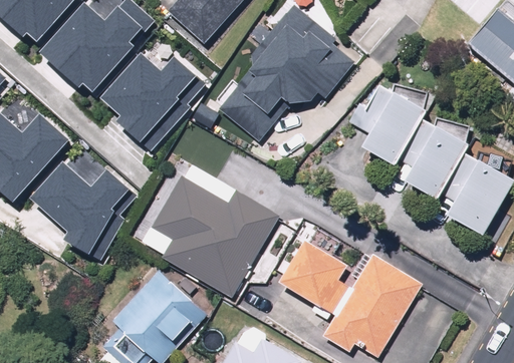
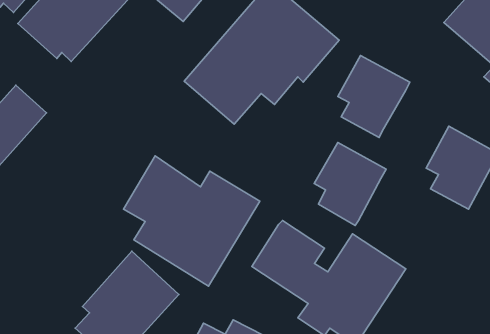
building: [104,33,211,145] -> none
building: [401,112,471,194] -> [314,143,386,226]
building: [38,156,138,253] -> none

